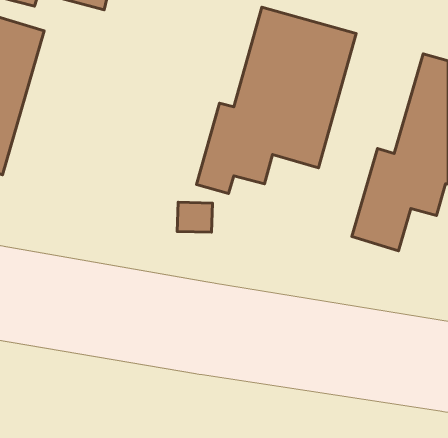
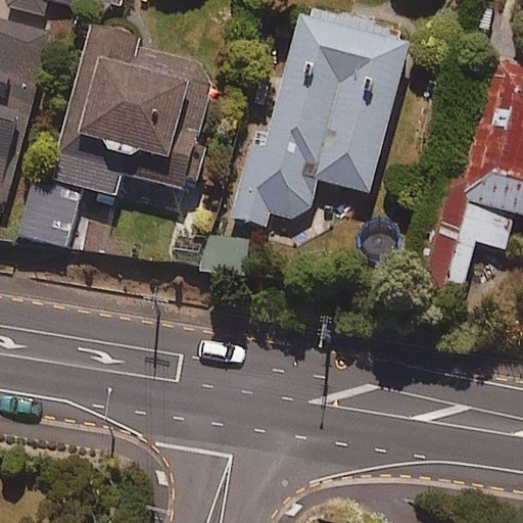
building: none -> [55,39,213,196]

